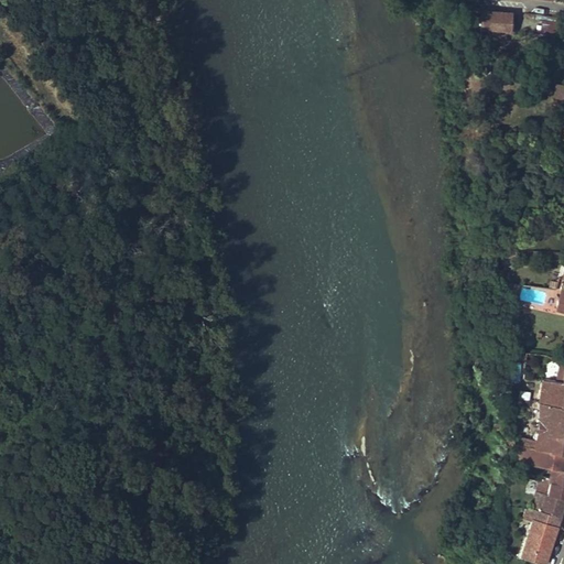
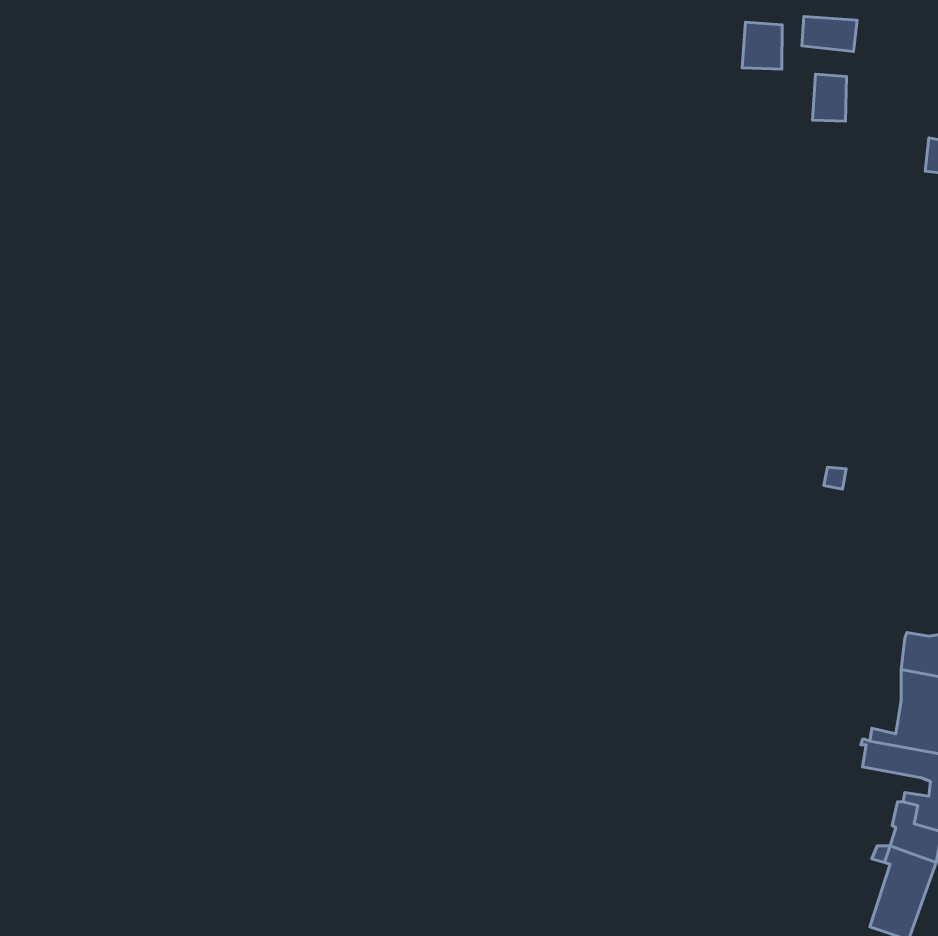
building: none -> [742,22,782,69]
building: none -> [812,74,847,121]

